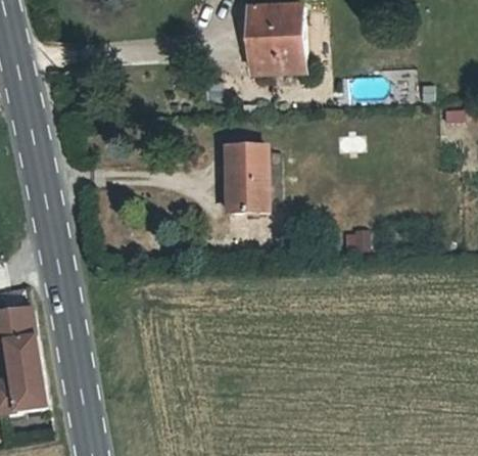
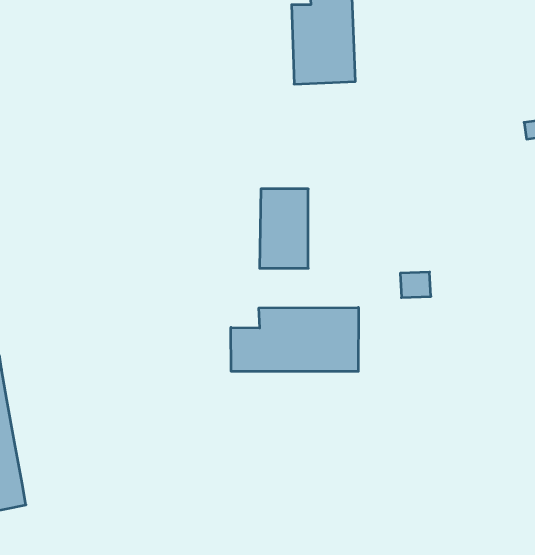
building: none -> [231,307,358,371]

